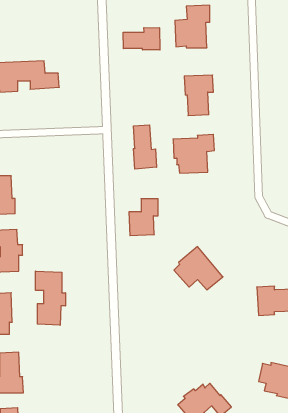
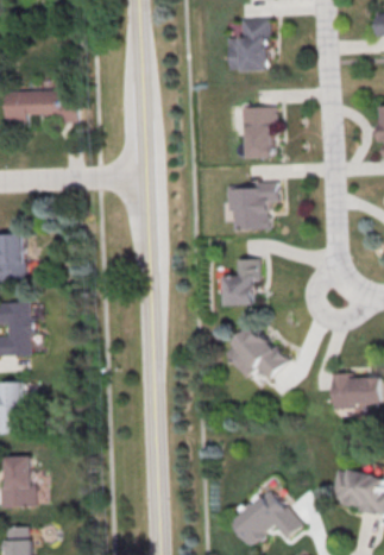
building: [123,28,160,50] -> none
building: [133,125,157,169] -> none
building: [129,199,158,236] -> [221,259,258,305]
building: [36,271,65,325] -> none

